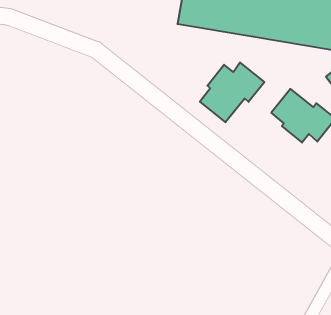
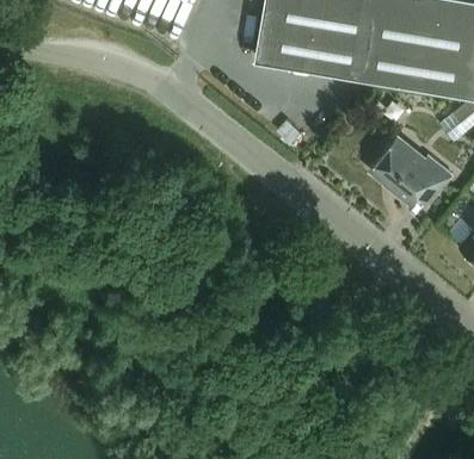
building: [200,62,264,122] -> none

